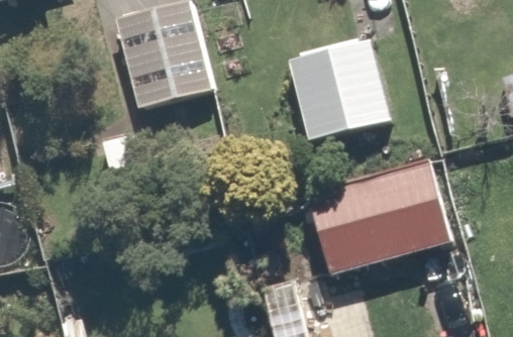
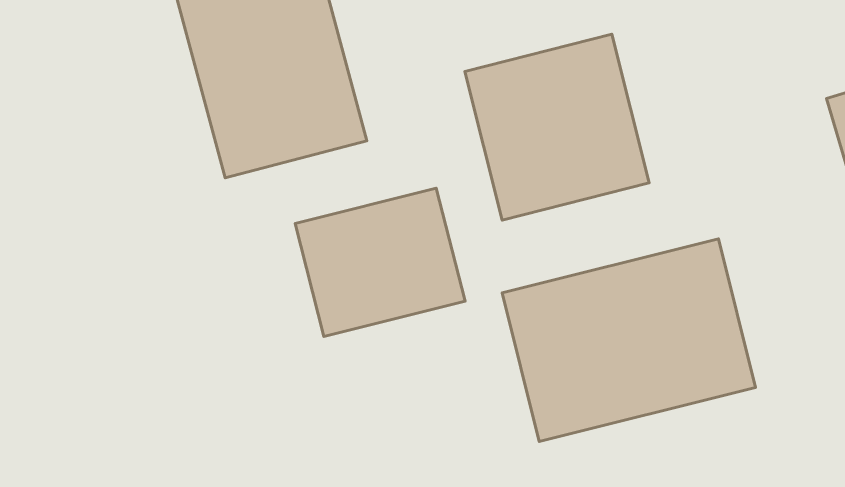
building: none -> [295,188,465,336]

